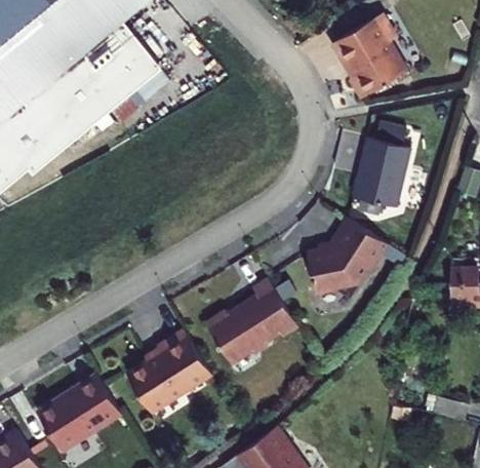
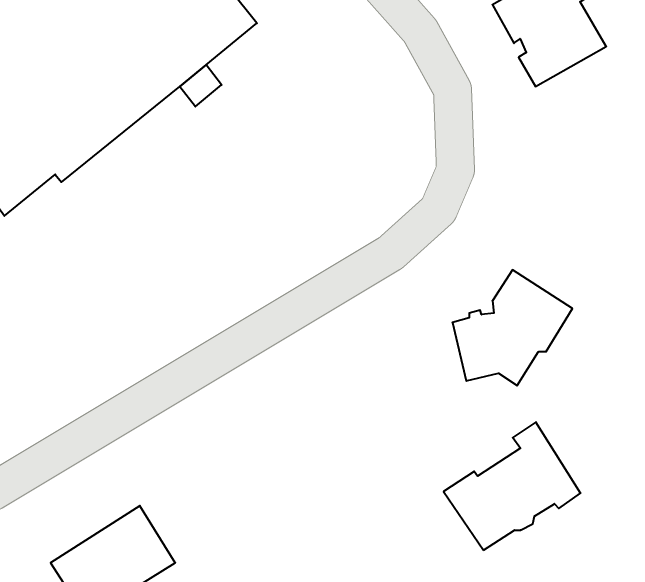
building: [352,140,409,208] -> none
building: [206,280,297,365] -> [444,422,581,550]
building: [127,330,212,415] -> none

